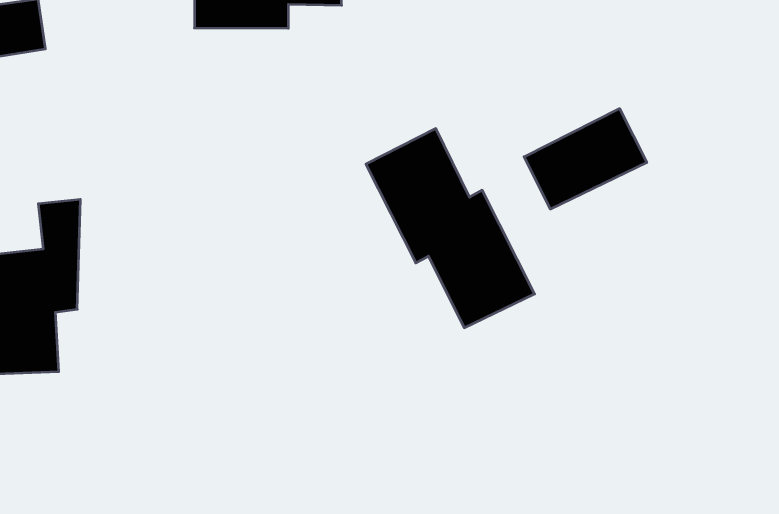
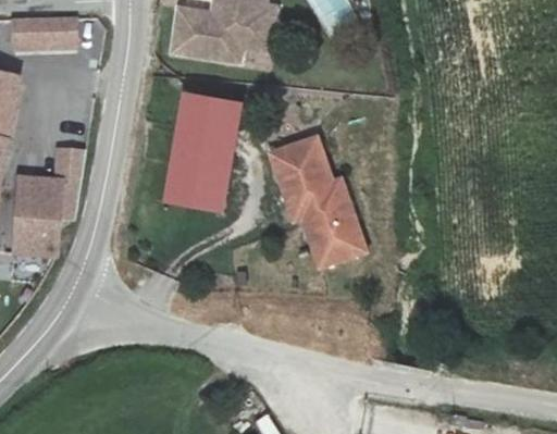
building: none -> [165,92,238,209]
building: [524,109,647,209] -> none

